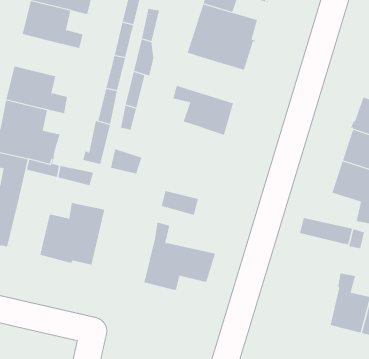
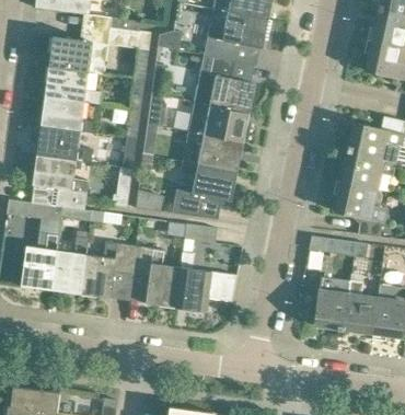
building: none -> [42,97,96,134]
building: none -> [187,100,246,140]
building: none -> [172,159,234,219]
building: none -> [51,238,88,293]
building: none -> [127,245,181,304]
building: none -> [313,277,348,331]

